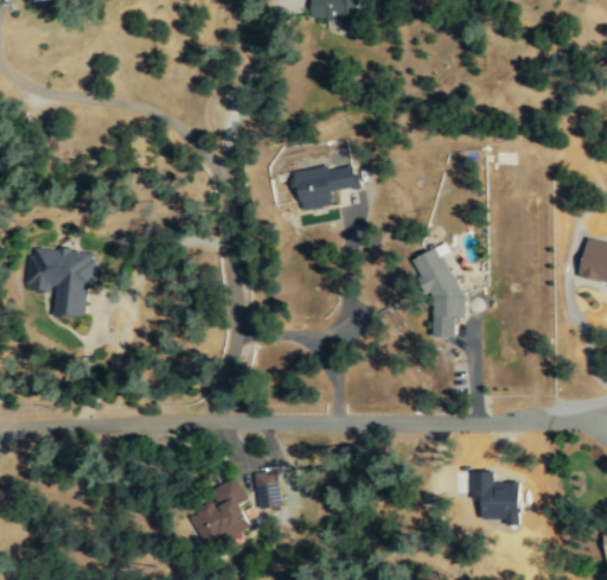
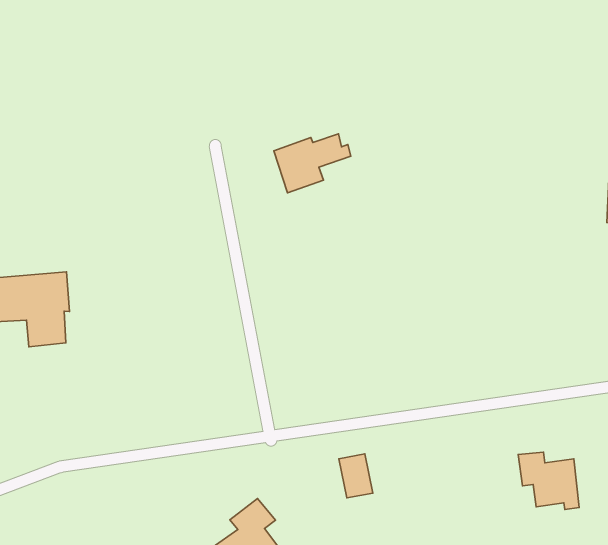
building: [413,241,465,336] -> none
building: [254,471,280,508] -> [339,454,373,498]

